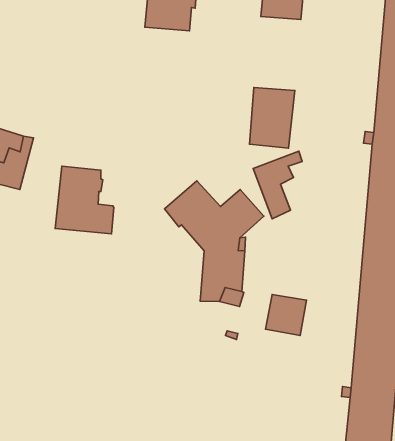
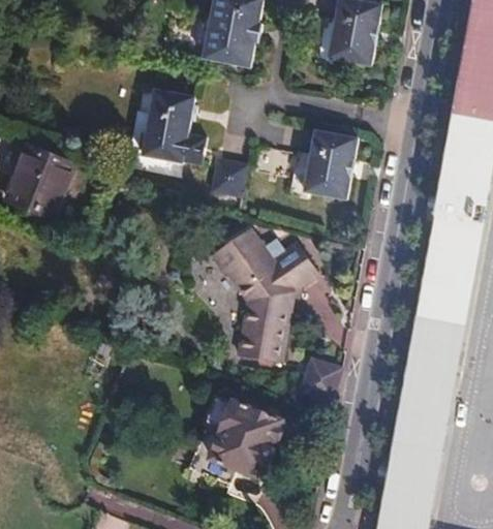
building: none -> [211,160,247,197]
building: [253,151,302,219] -> none
building: [55,166,114,234] -> [138,90,204,167]
building: none -> [188,397,282,486]

